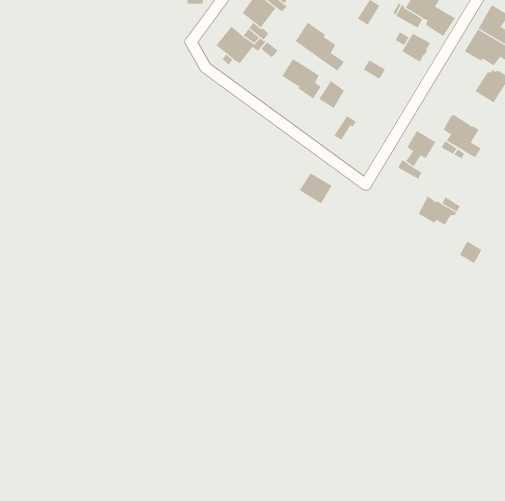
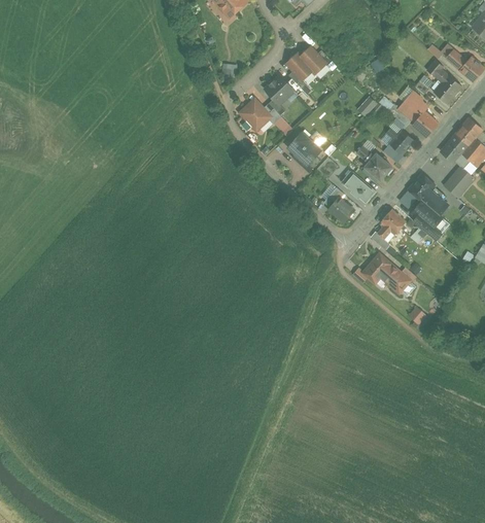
building: [295,22,345,72] -> none
building: none -> [365,153,392,180]
building: none -> [408,174,444,213]
building: none -> [339,170,375,204]
building: [299,173,332,204] -> [326,197,354,223]
building: none -> [362,253,390,282]

